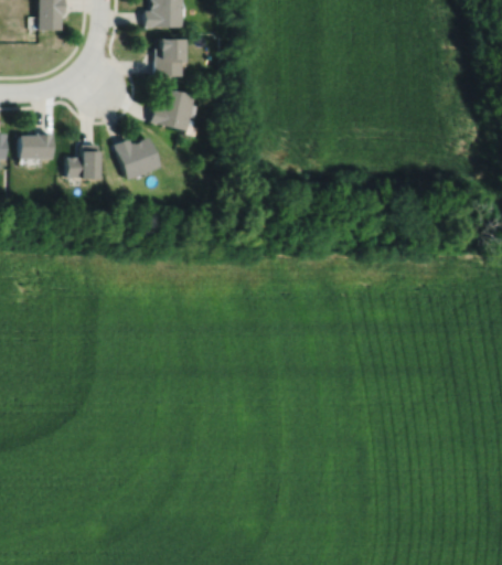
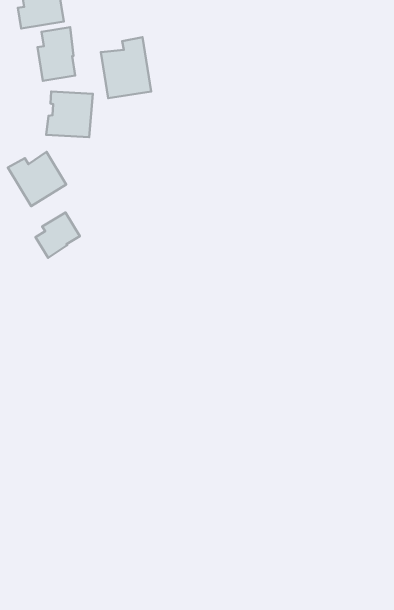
building: none -> [101,37,151,98]
building: none -> [35,212,80,258]

